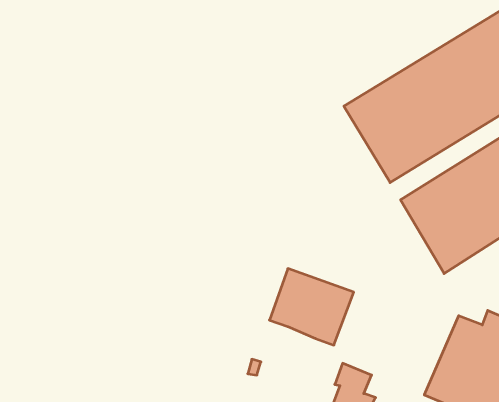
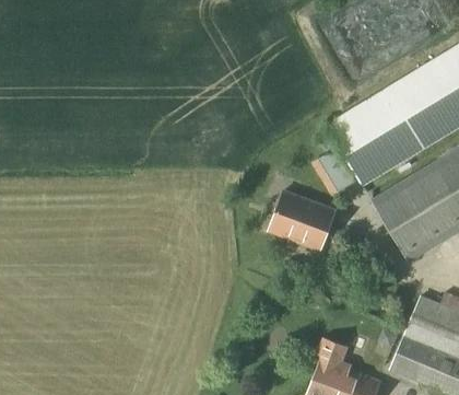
building: [269,269,354,345] -> [269,189,339,253]

